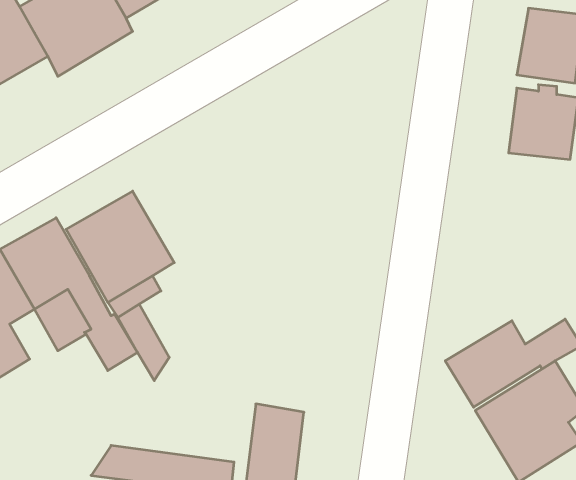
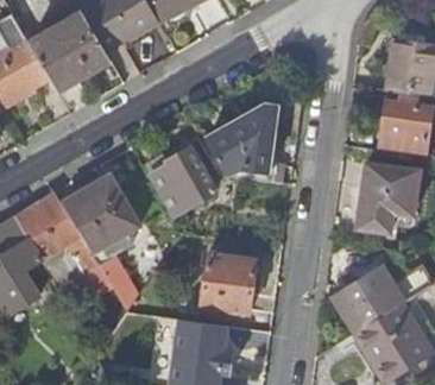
building: none -> [200,103,277,181]
building: none -> [151,149,214,215]
building: none -> [355,163,417,239]
building: none -> [201,252,256,311]

